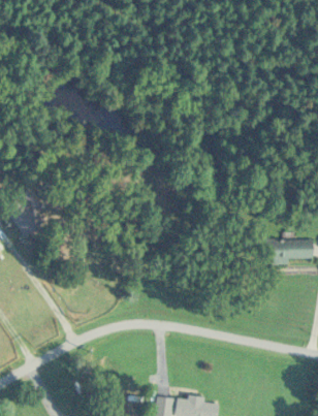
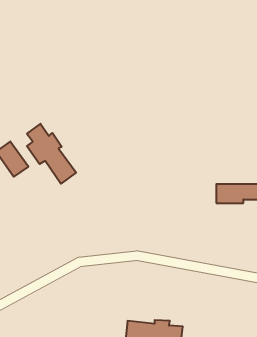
building: none -> [27,124,76,184]

